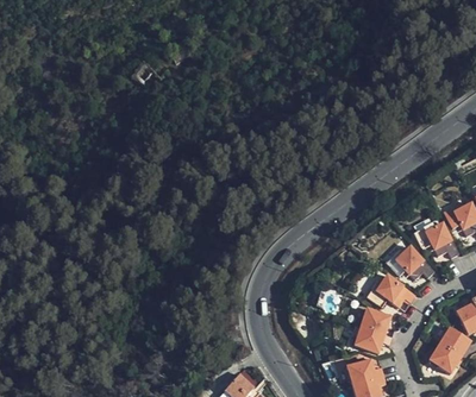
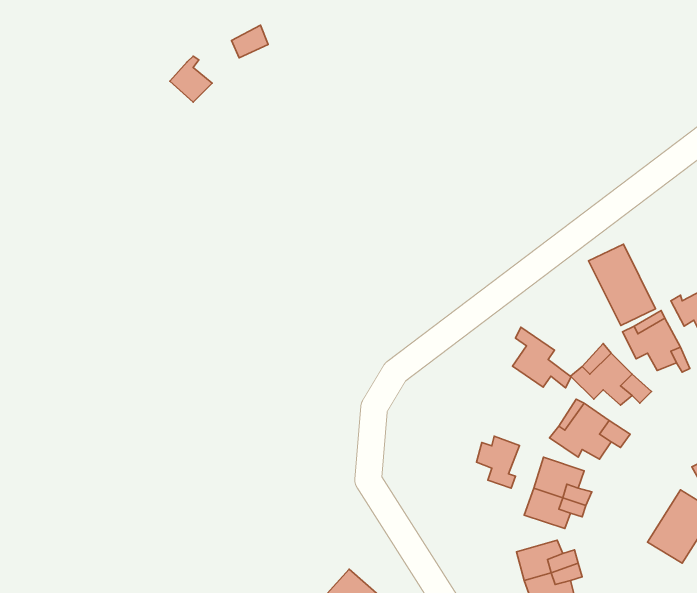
building: none -> [589,244,656,325]
building: none -> [513,327,571,388]
building: none -> [477,436,520,488]

